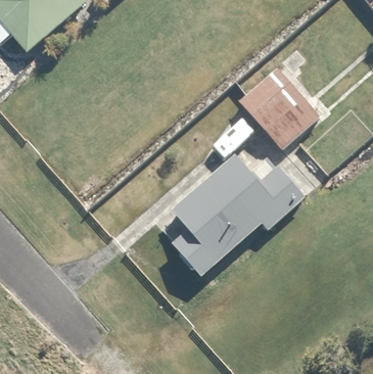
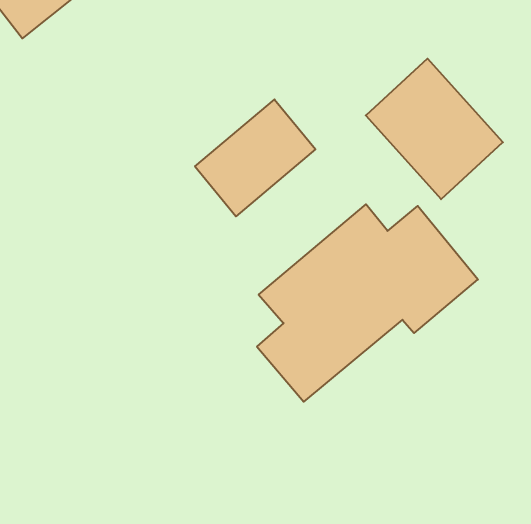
building: none -> [195,99,315,216]

